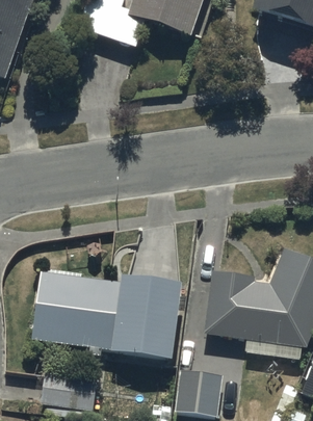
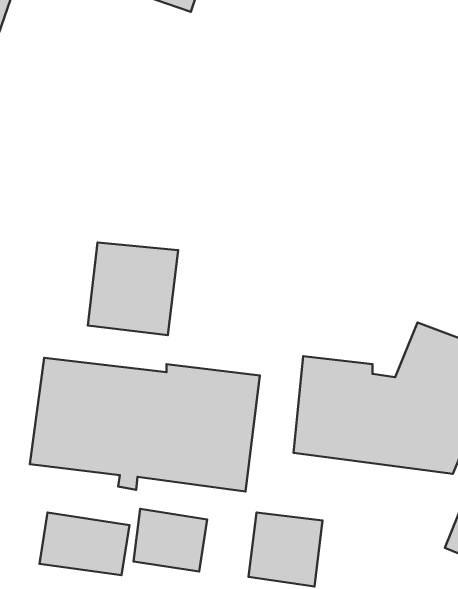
building: none -> [88,243,178,335]
building: none -> [133,509,207,571]

